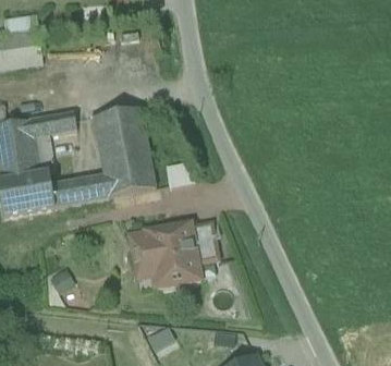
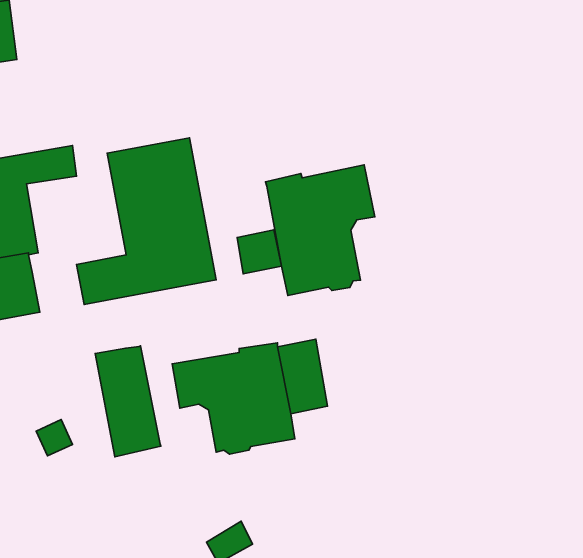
building: none -> [265,165,375,296]
building: [50,179,80,206] -> none
building: none -> [95,346,161,457]

